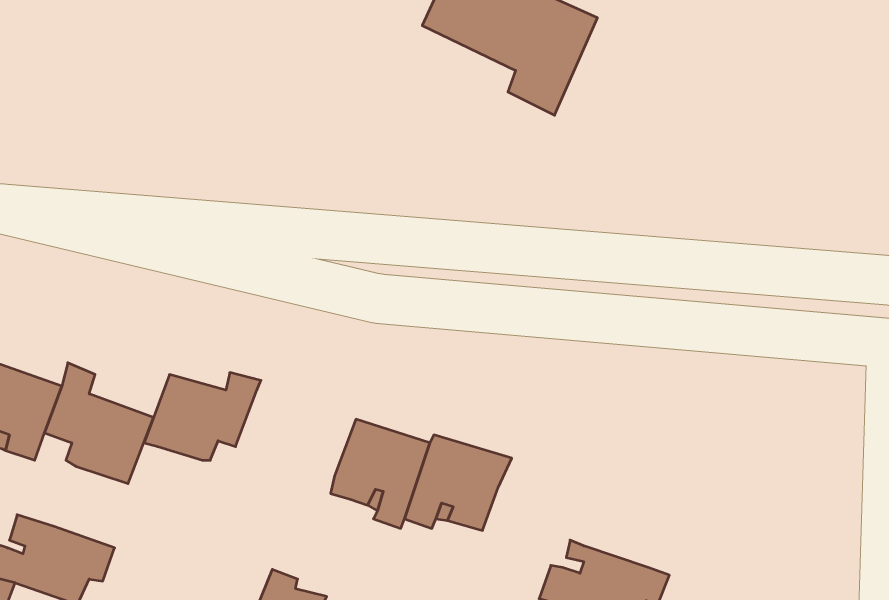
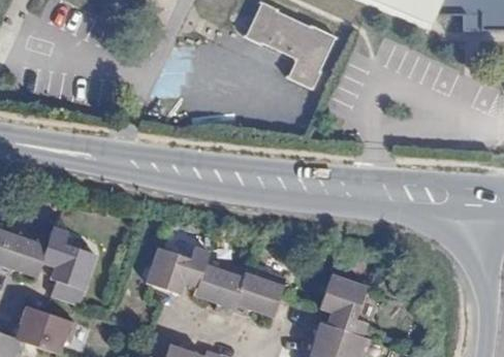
building: [144,373,261,460] -> [145,245,207,291]
building: none -> [318,268,365,332]

